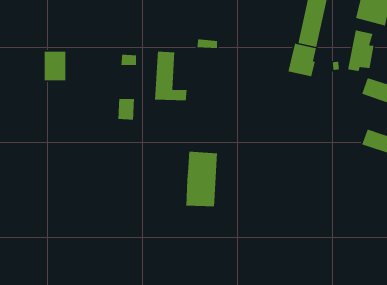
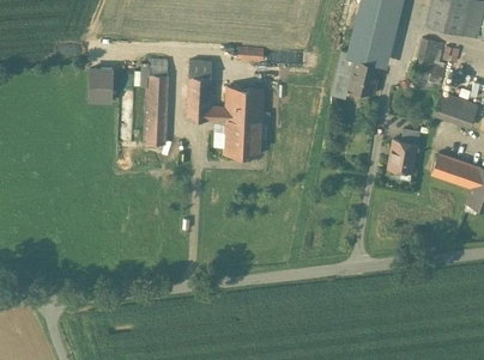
building: [44,51,66,81] -> [92,66,119,102]
building: none -> [145,81,165,111]
building: none -> [387,129,417,172]
building: [186,151,218,207] -> [223,89,261,155]

